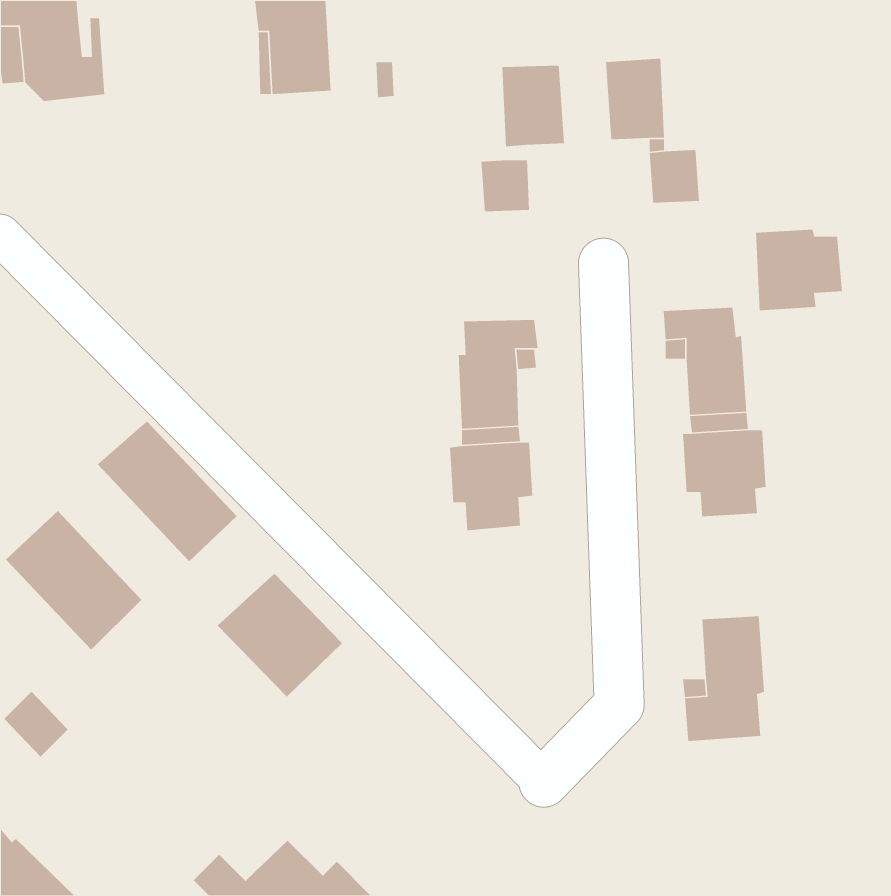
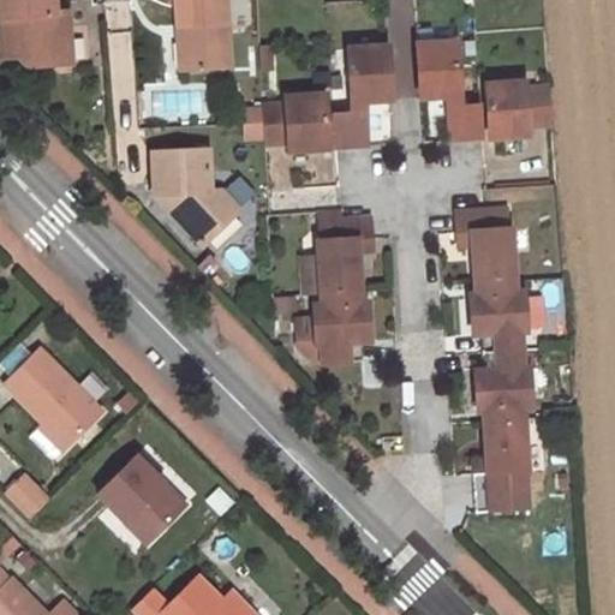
building: none -> [264,91,320,148]
building: none -> [151,150,233,241]
building: [755,229,843,311] -> [494,80,554,137]
building: [97,420,237,562] -> none
building: none -> [474,352,535,413]
building: [217,573,343,697] -> [100,458,186,543]

